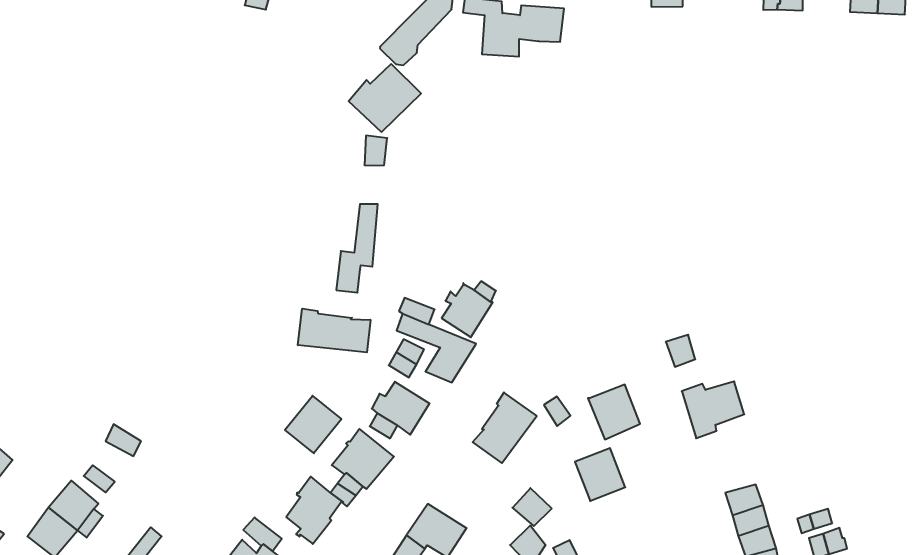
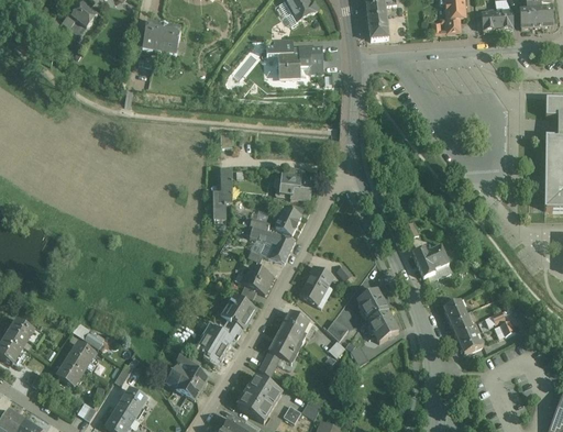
building: [349,64,421,132] -> none
building: none -> [279,174,311,201]
building: [298,309,370,352] -> none
building: [588,385,640,439] -> [367,310,398,342]
building: [285,396,341,453] -> none
building: none -> [278,311,309,343]

